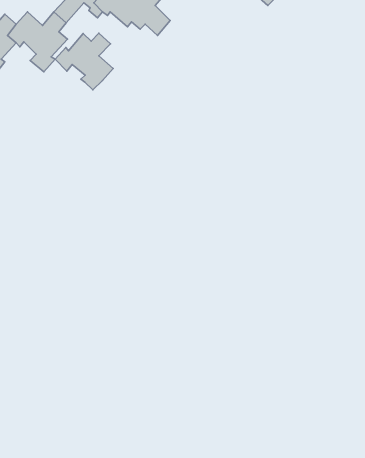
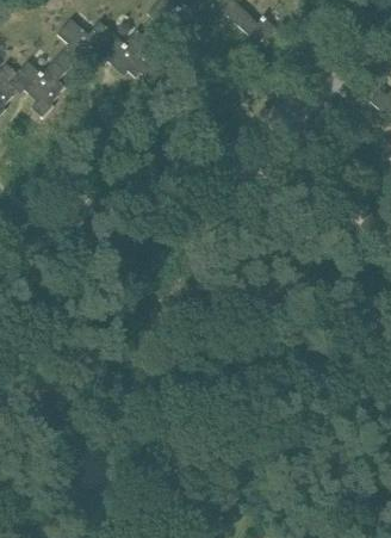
building: [55,33,113,90] -> none

